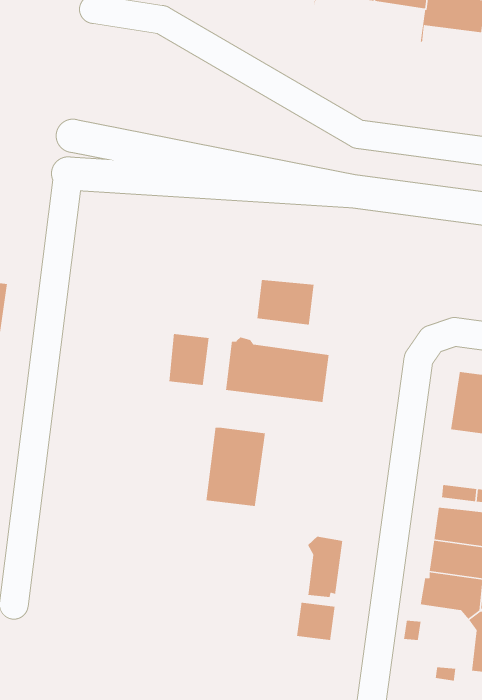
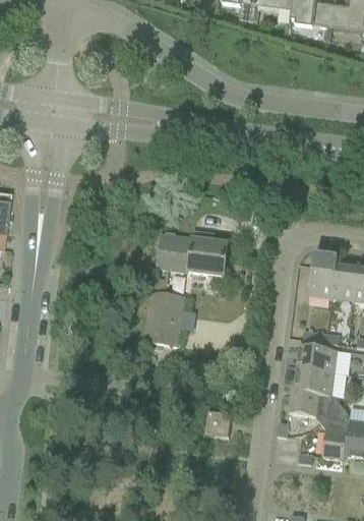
building: [256,279,314,326] -> none
building: [169,333,209,386] -> none
building: [307,536,343,598] -> none

